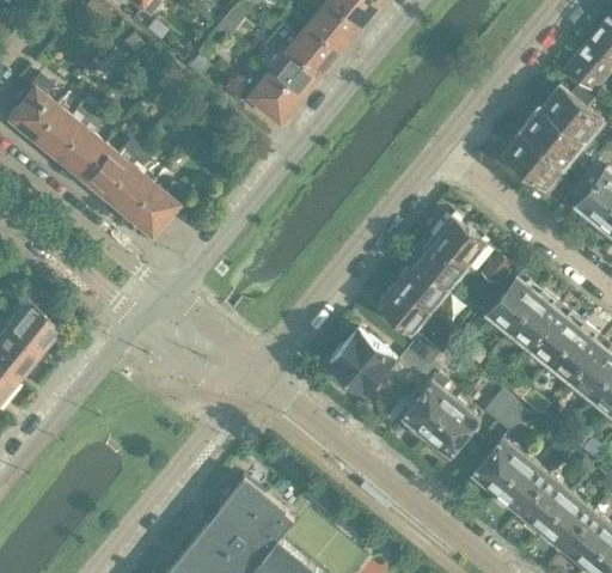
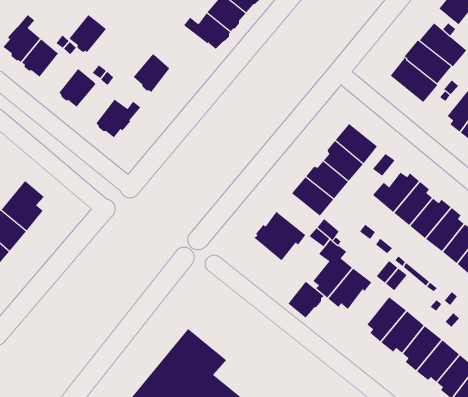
building: [54,127,103,177] -> [69,14,107,53]
building: [102,166,149,217] -> [133,54,170,93]
building: none -> [287,281,324,319]

